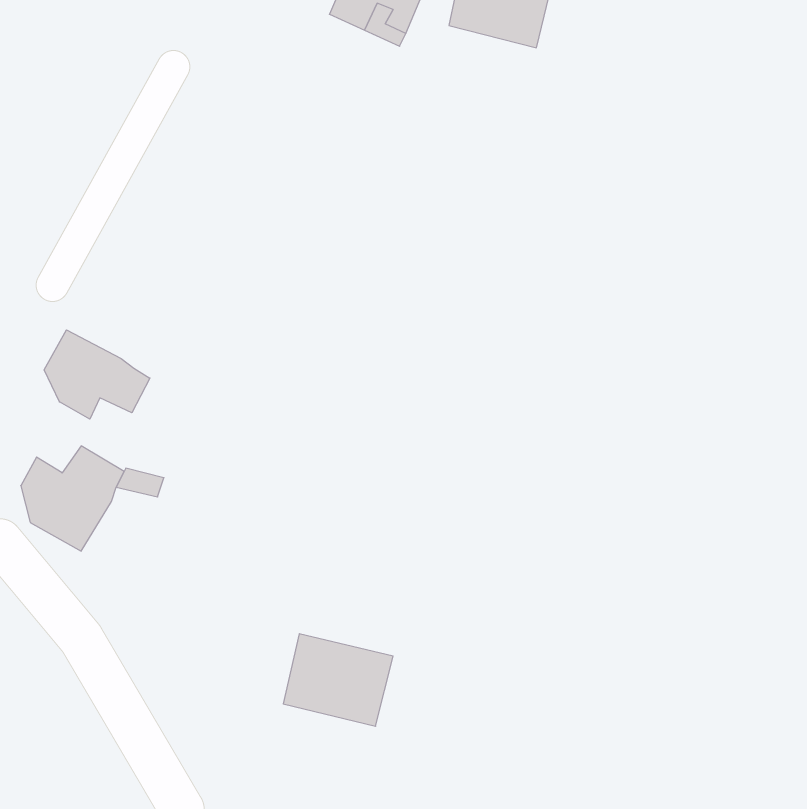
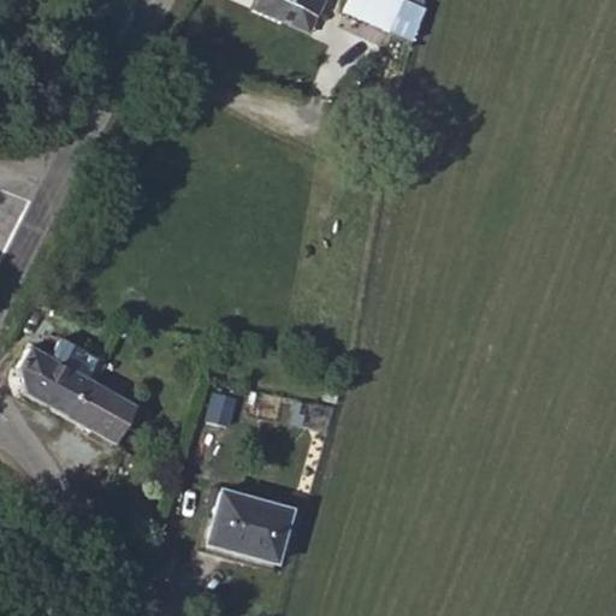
building: [44,330,150,419] -> none
building: none -> [66,379,135,443]

